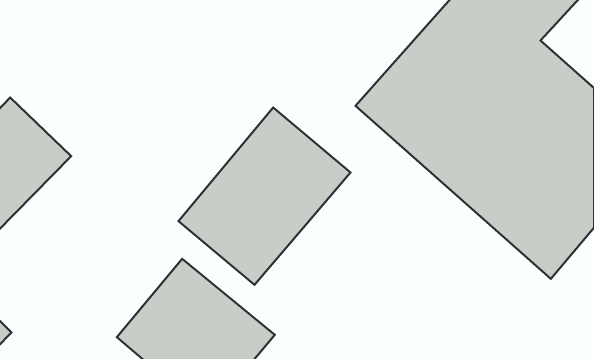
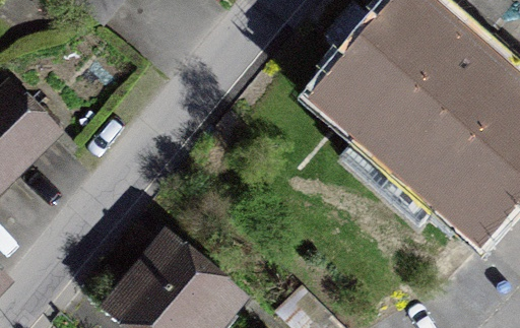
building: [179,108,350,285] -> none

